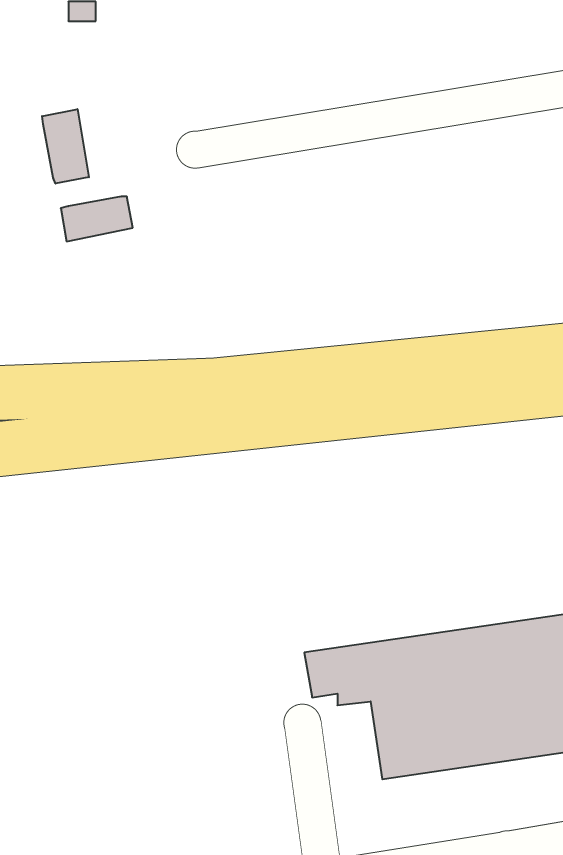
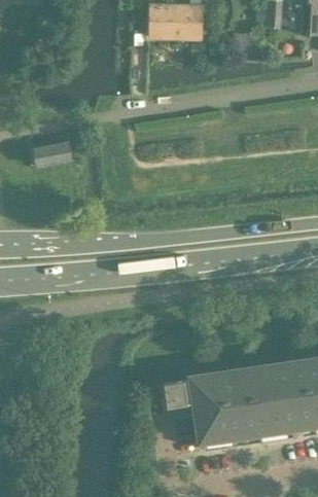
building: [42,109,89,184] -> none

